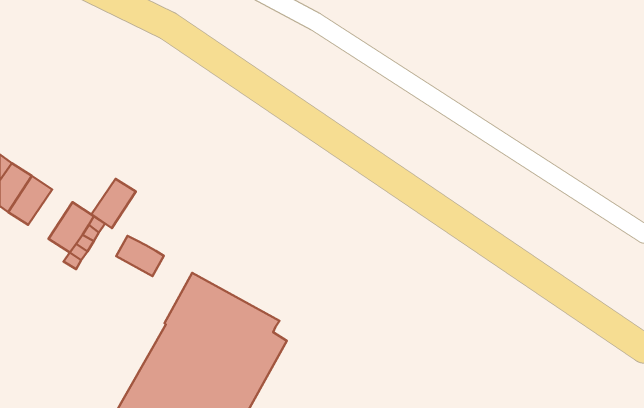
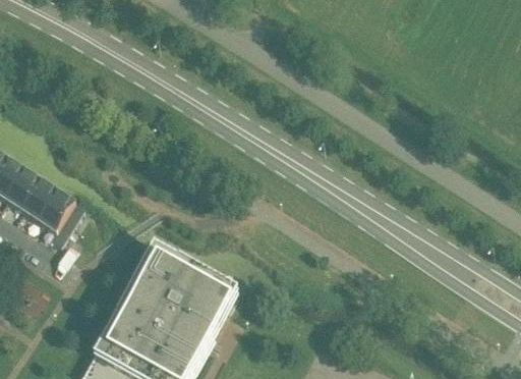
building: [92,179,136,228] -> [23,182,59,222]
building: [116,236,164,276] -> none

